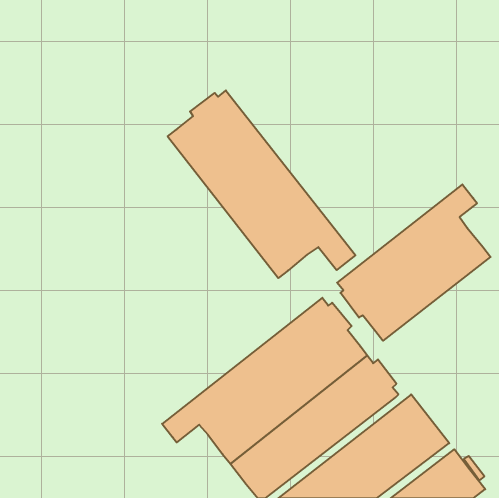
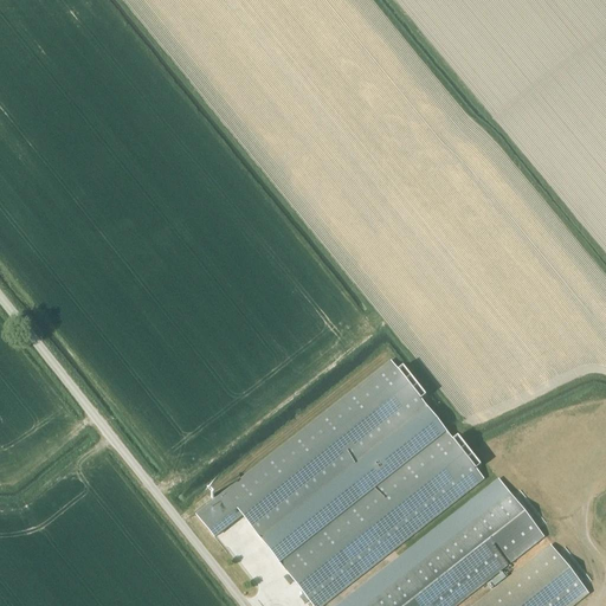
building: [168,90,355,278] -> none
building: [337,184,491,341] -> none

